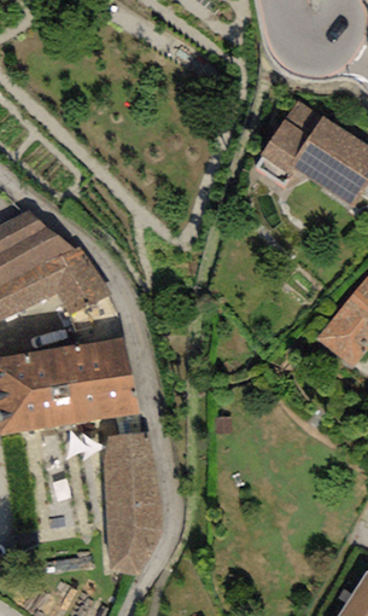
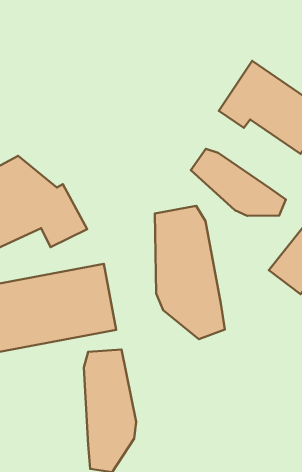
building: none -> [191,149,286,216]
building: none -> [155,206,225,339]

